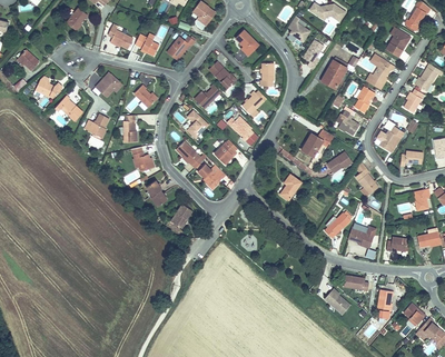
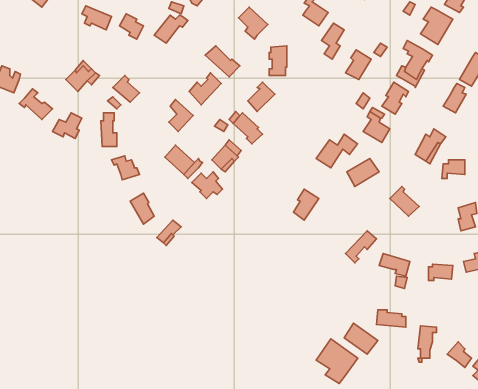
building: none -> [316,339,358,383]

